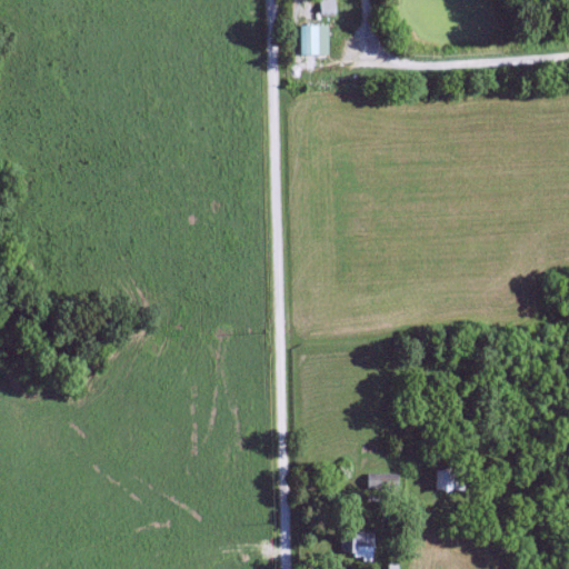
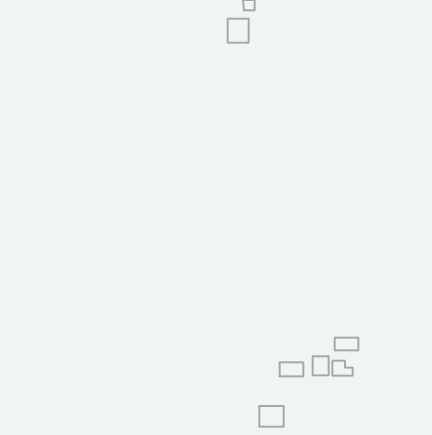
building: none -> [335,338,358,351]
building: none -> [313,356,328,375]

